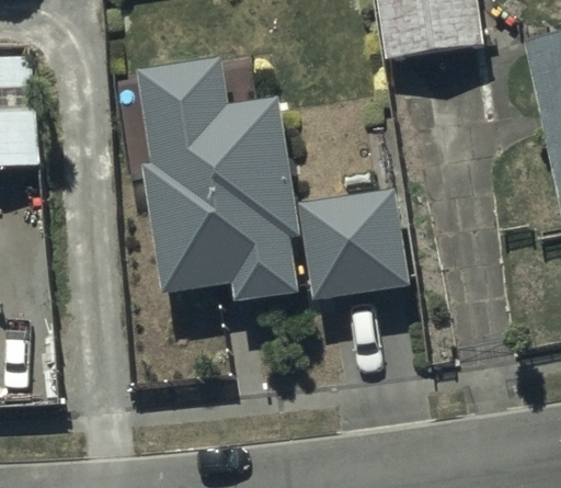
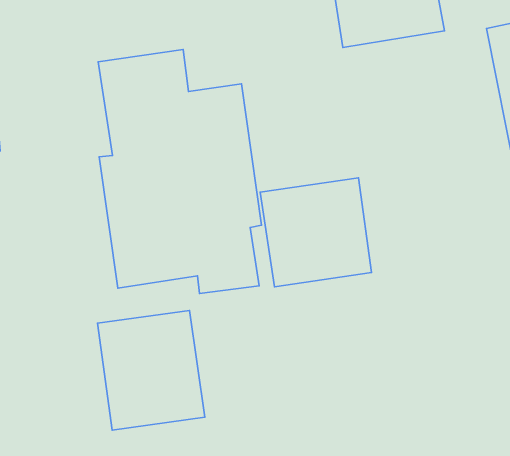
building: none -> [98,310,205,430]

